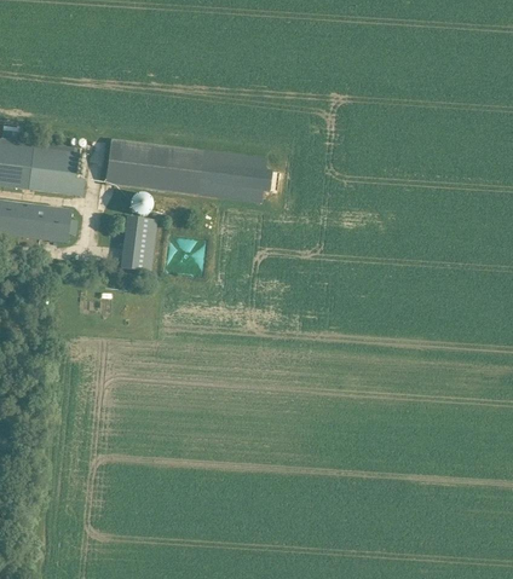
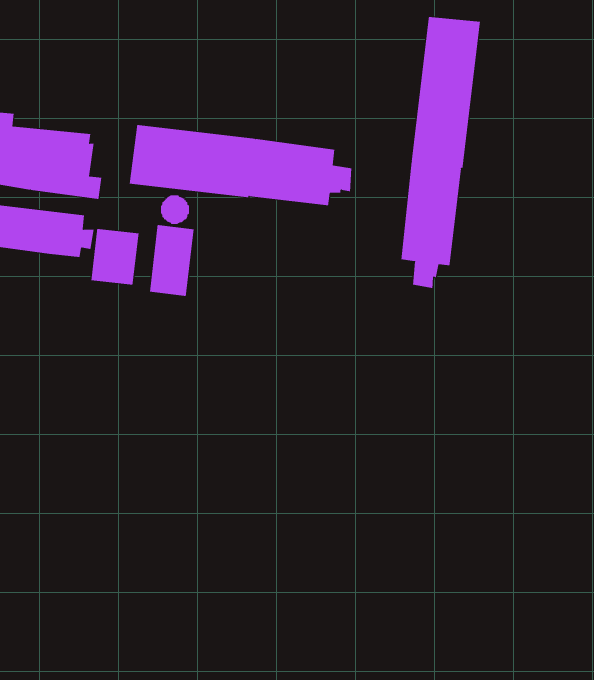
building: none -> [401,16,480,289]
building: none -> [91,228,139,285]

